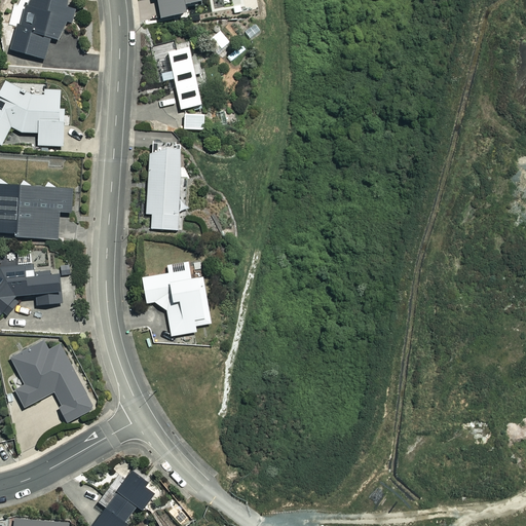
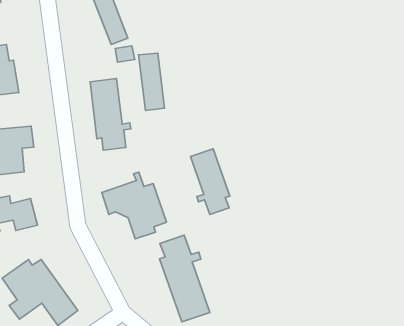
building: none -> [139,53,164,111]
building: none -> [191,149,230,214]
building: none -> [159,235,210,322]

